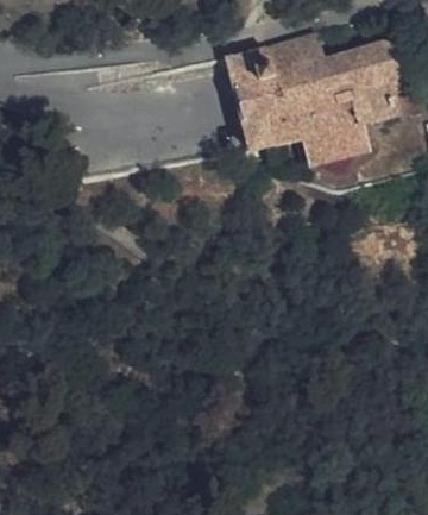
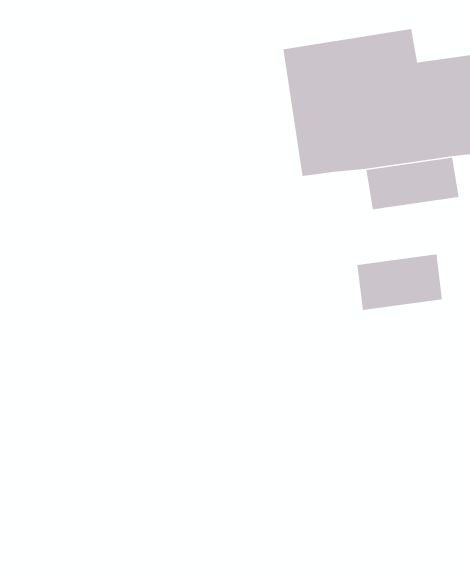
building: none -> [357,254,443,311]

